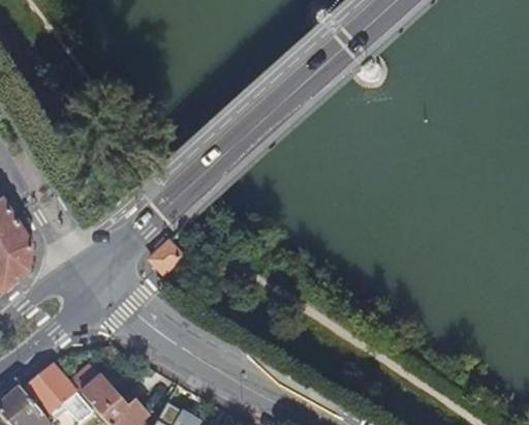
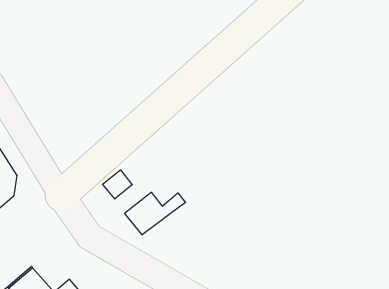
building: none -> [125,192,185,235]

